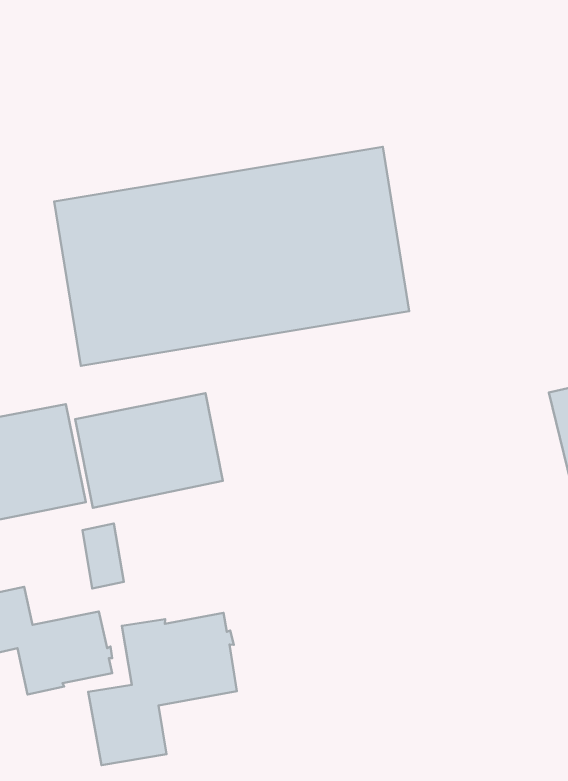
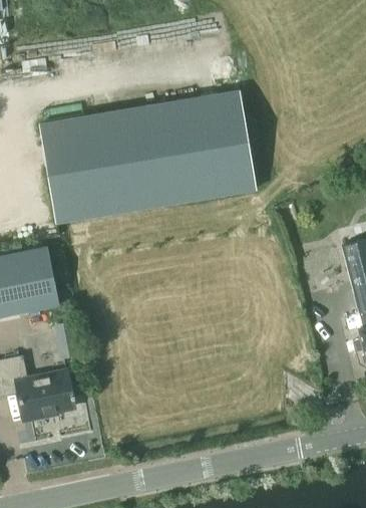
building: [75,393,223,508] -> none
building: [88,613,237,765] -> none

